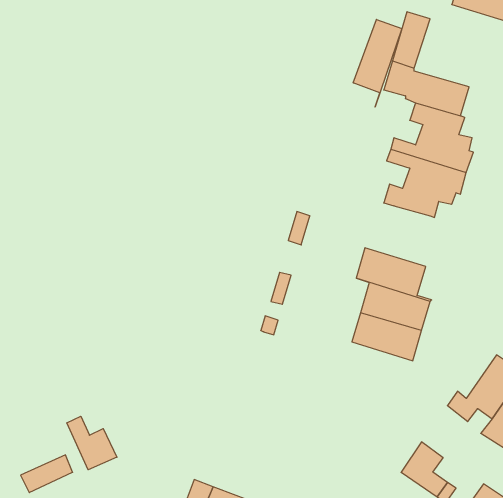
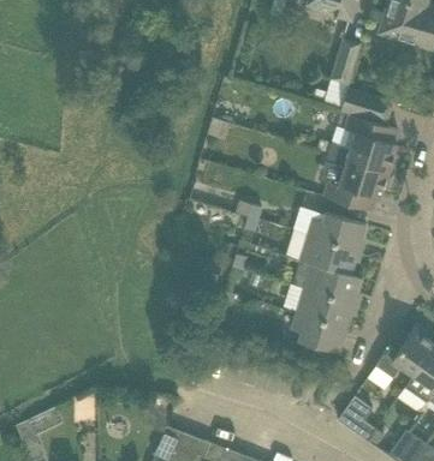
building: [353,19,402,107] -> none
building: none -> [307,214,365,251]
building: none -> [290,313,346,354]
building: [67,416,117,470] -> none

